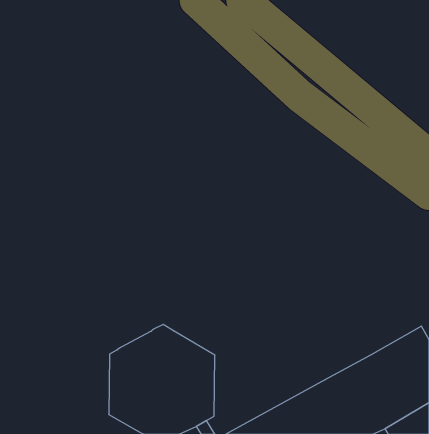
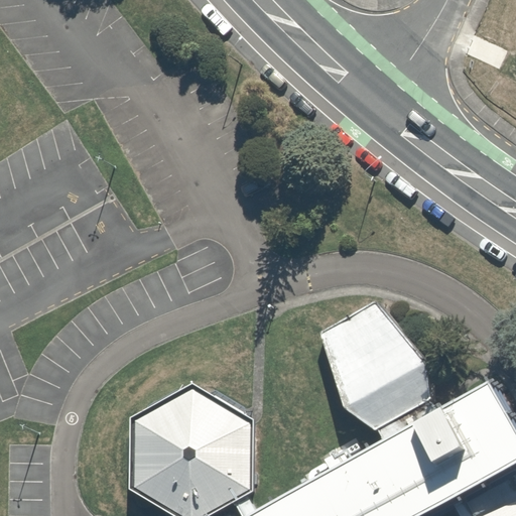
building: none -> [317,301,443,450]

